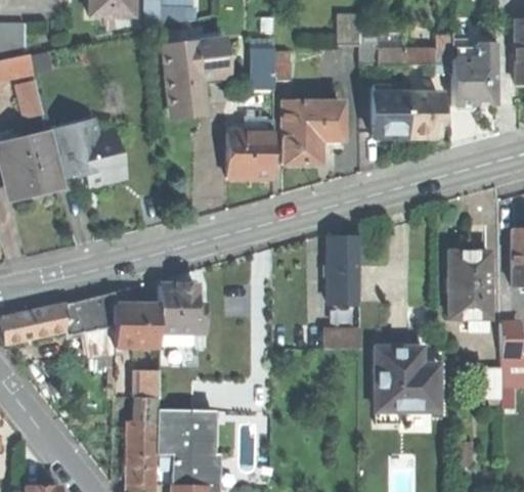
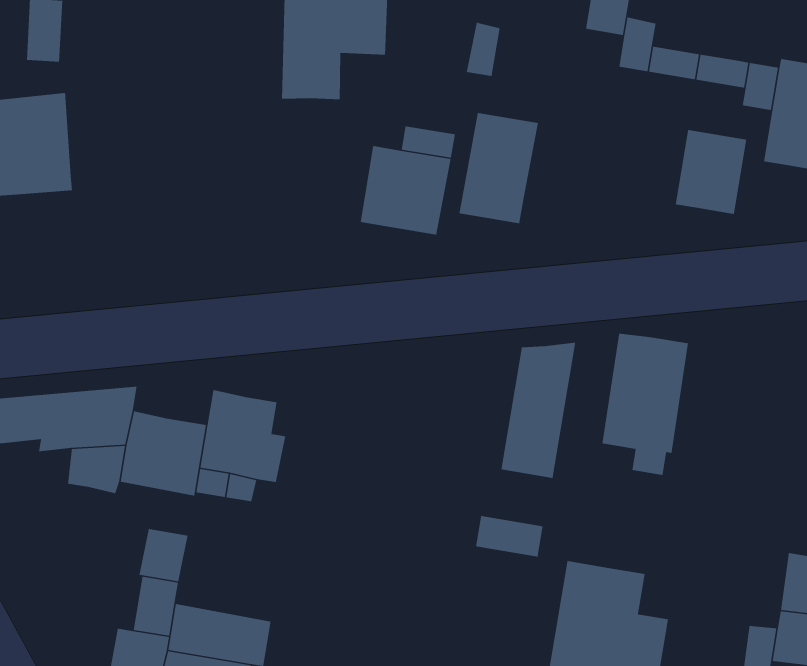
building: [253,46,274,88] -> none
building: [372,82,404,136] -> none
building: [318,102,342,146] -> none
building: [48,120,124,183] -> none
building: [449,252,491,329] -> [602,333,689,476]

